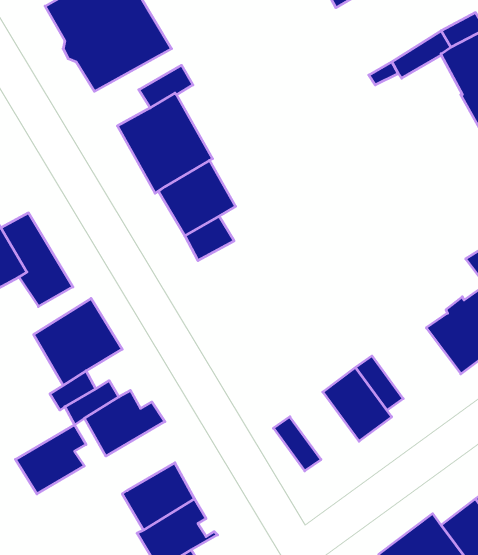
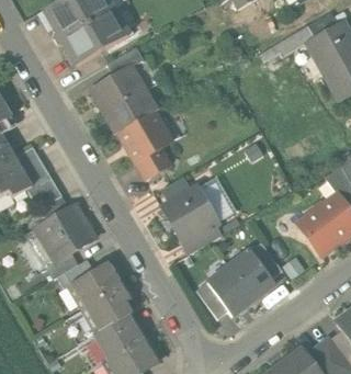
building: none -> [162,185,222,252]
building: none -> [207,264,253,314]
building: [15,425,86,494] -> [84,284,132,330]

